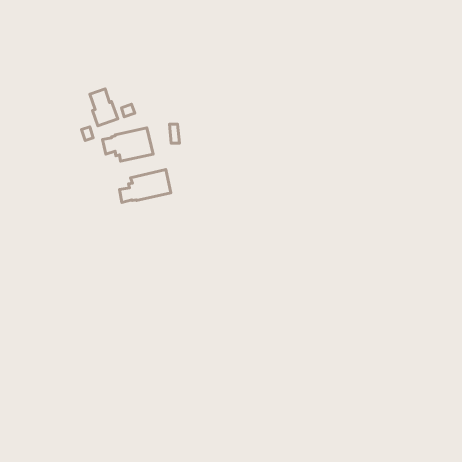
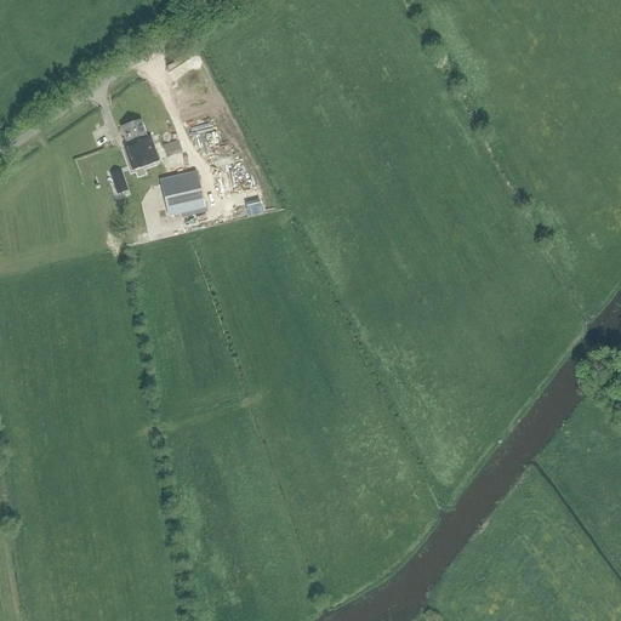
building: [119,170,171,202] -> none

